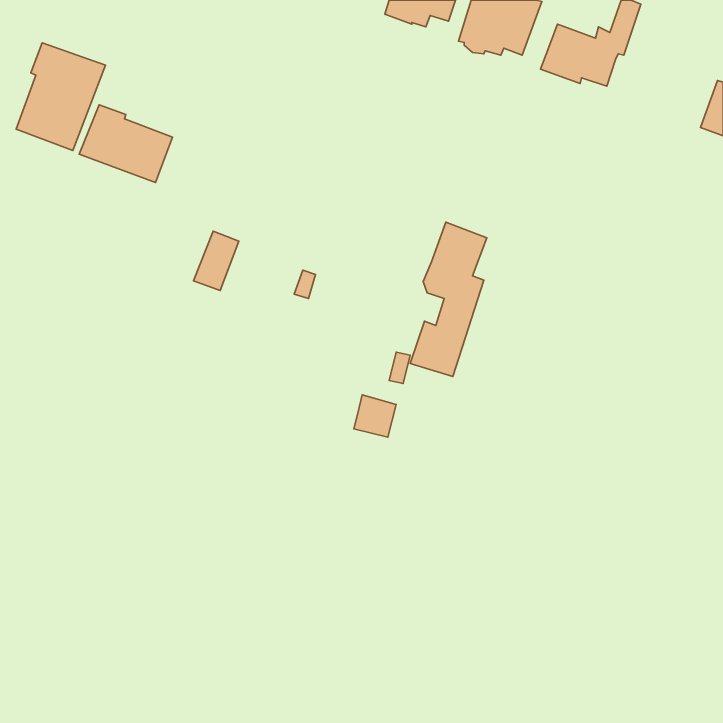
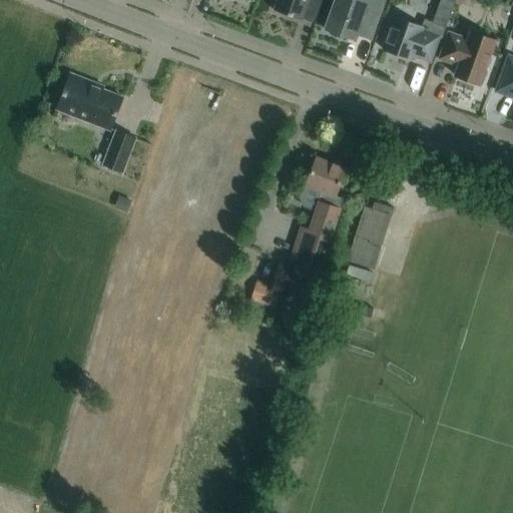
building: [16,43,105,151] -> none
building: none -> [438,32,495,84]
building: [193,231,239,291] -> [102,130,134,172]
building: none -> [349,208,388,267]

